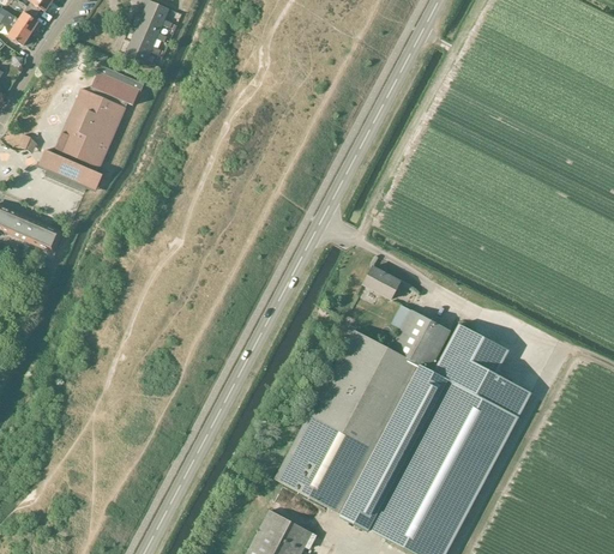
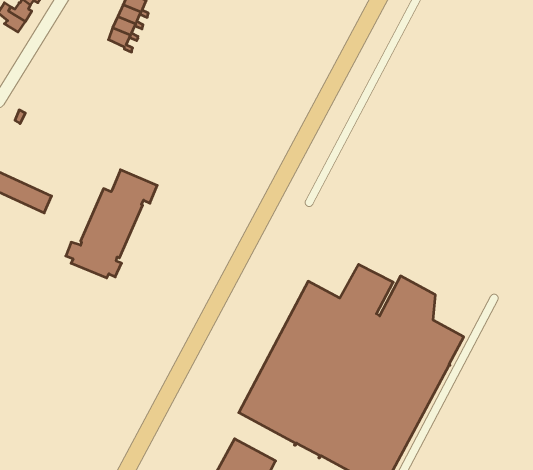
building: [38,66,143,189] -> [66,170,157,278]
building: [362,265,401,299] -> none

